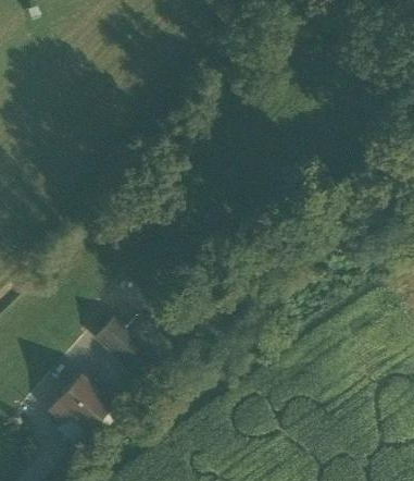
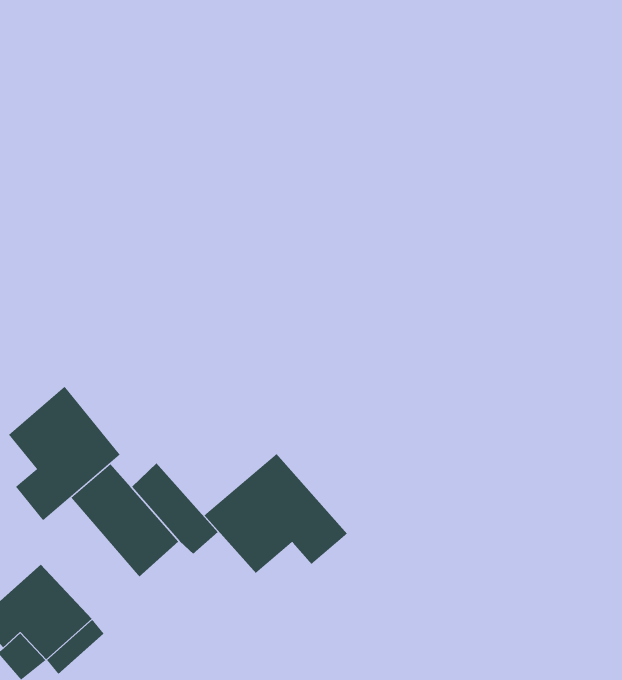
building: none -> [8,386,121,521]
building: none -> [203,453,348,574]

